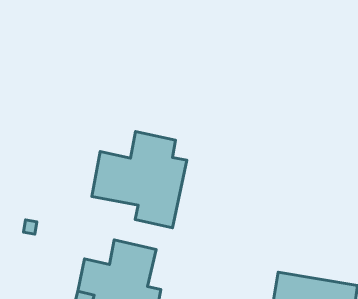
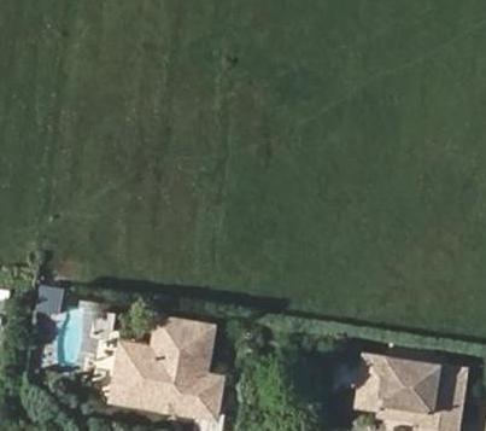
building: [92,132,187,228] -> none

